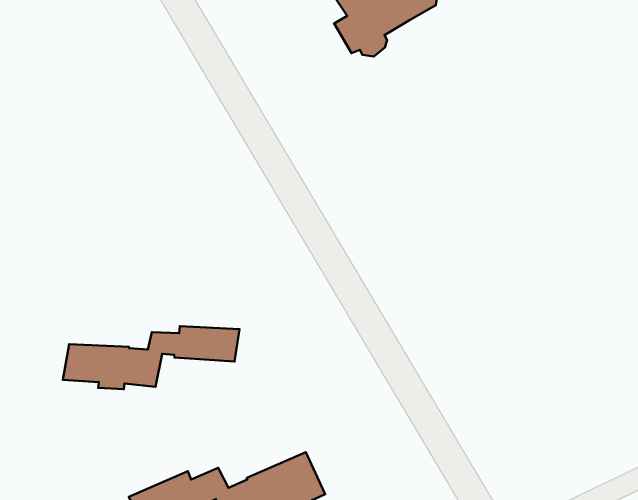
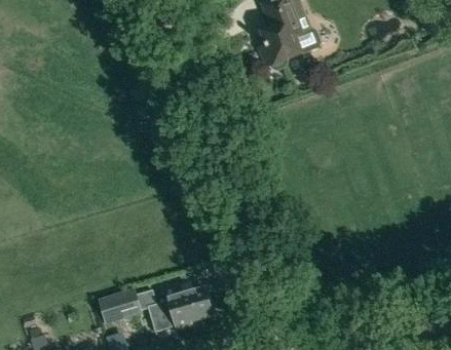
building: [63,326,240,389] -> none

